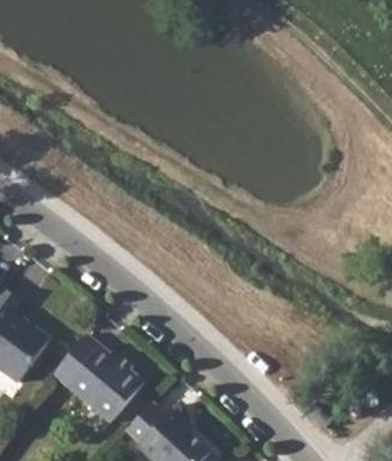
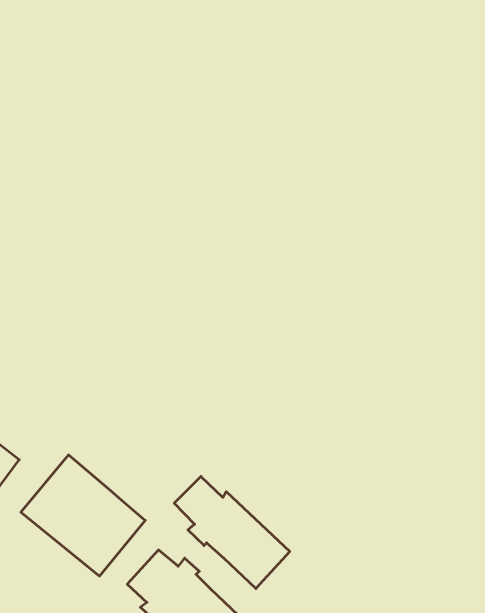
building: none -> [174,476,290,589]

